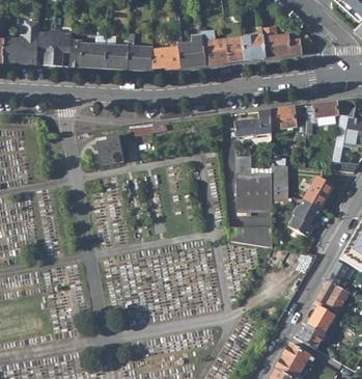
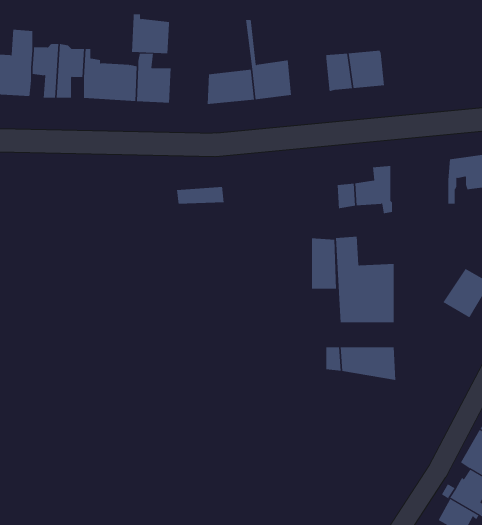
building: [262,26,302,57] -> none
building: [202,30,229,63] -> none
building: [127,44,151,70] -> [131,14,170,54]
building: [270,106,295,129] -> none
building: [96,134,122,164] -> none
building: [272,164,288,197] -> [311,238,337,289]
building: [287,197,321,237] -> none

